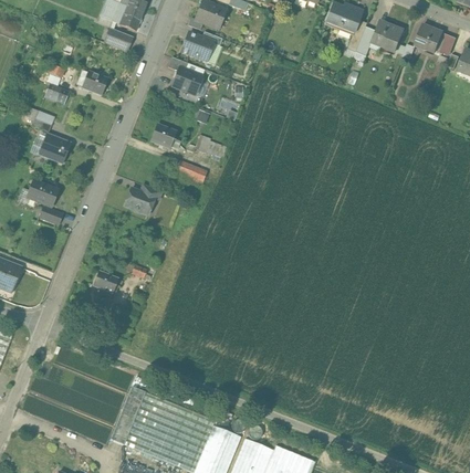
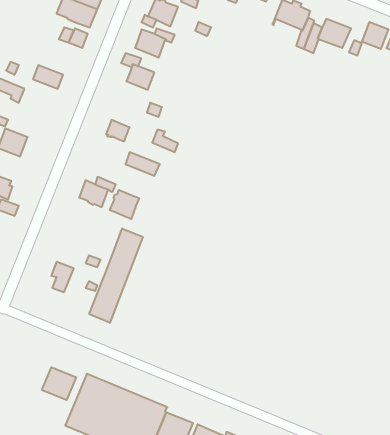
building: none -> [110,190,139,219]
building: none -> [89,228,143,323]
building: none -> [42,367,76,400]

